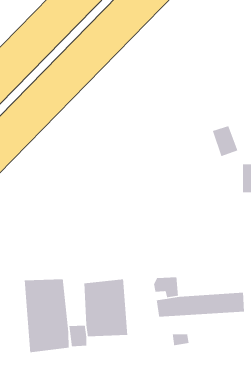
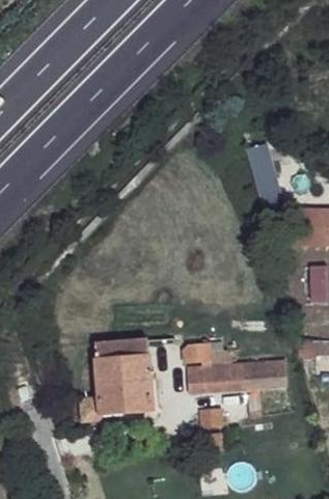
building: [24,278,70,353] -> none

